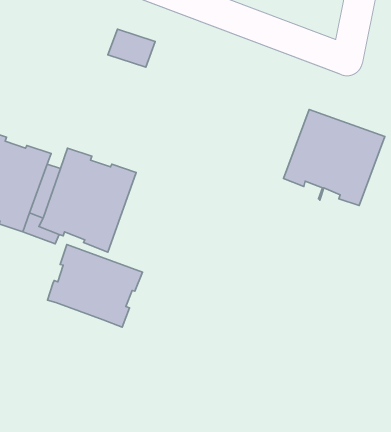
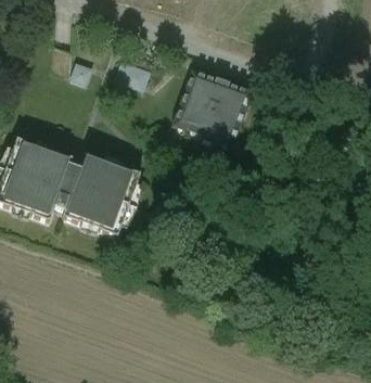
building: [283,110,385,205] -> [169,71,251,148]
building: [47,244,142,327] -> none

